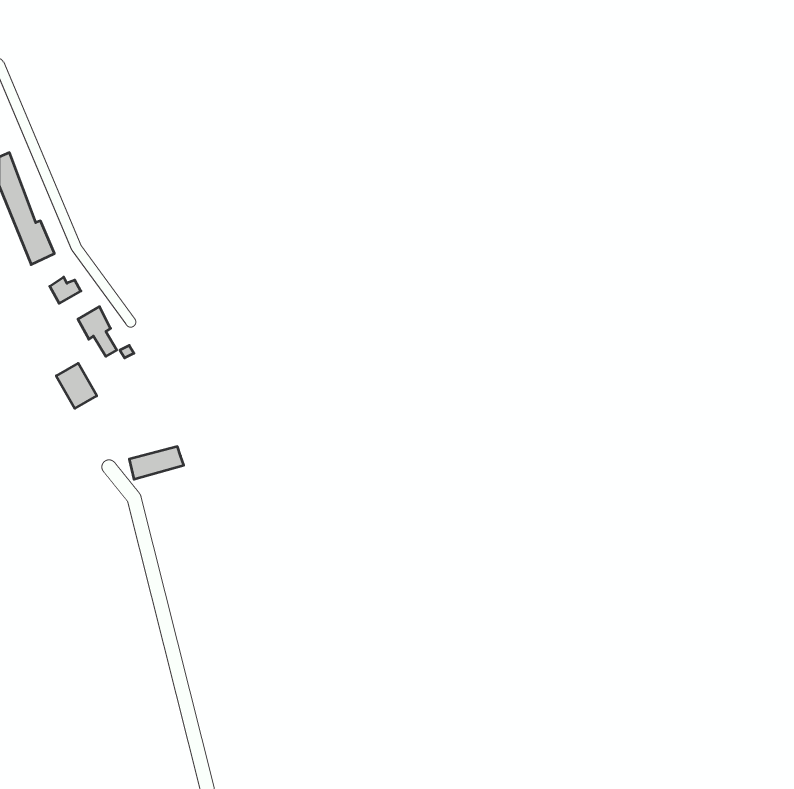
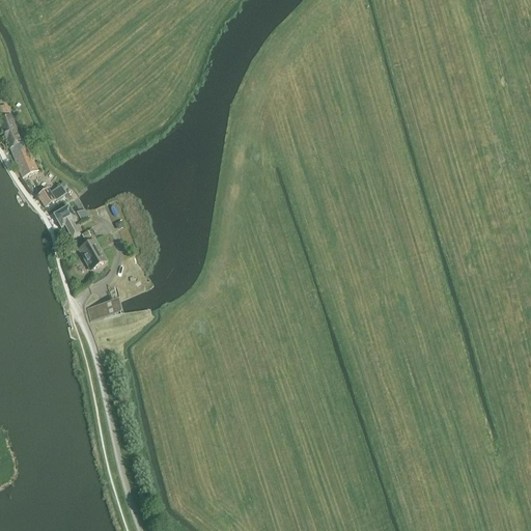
building: [56,363,97,408] -> [78,239,105,269]

